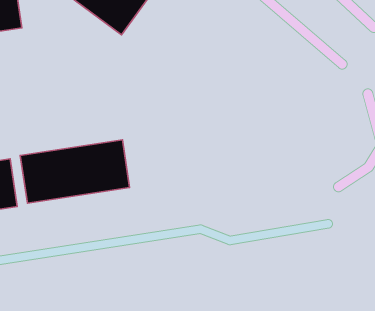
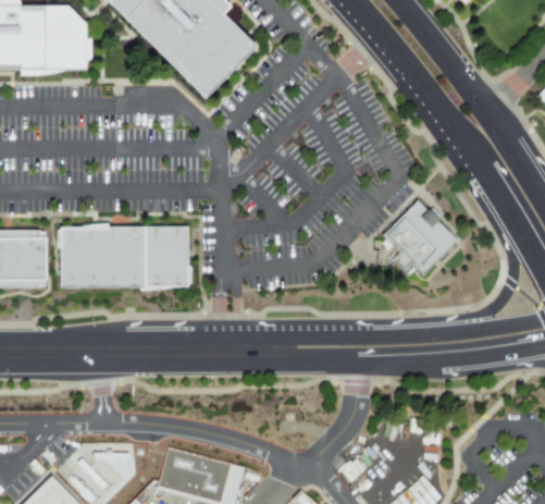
building: none -> [384,199,458,274]

